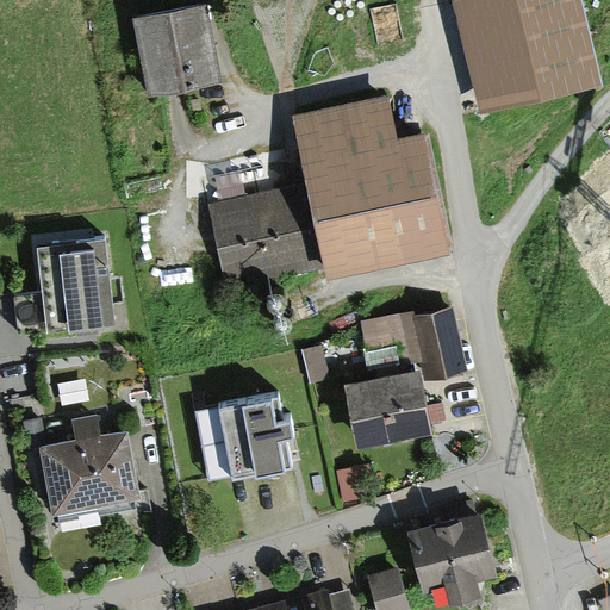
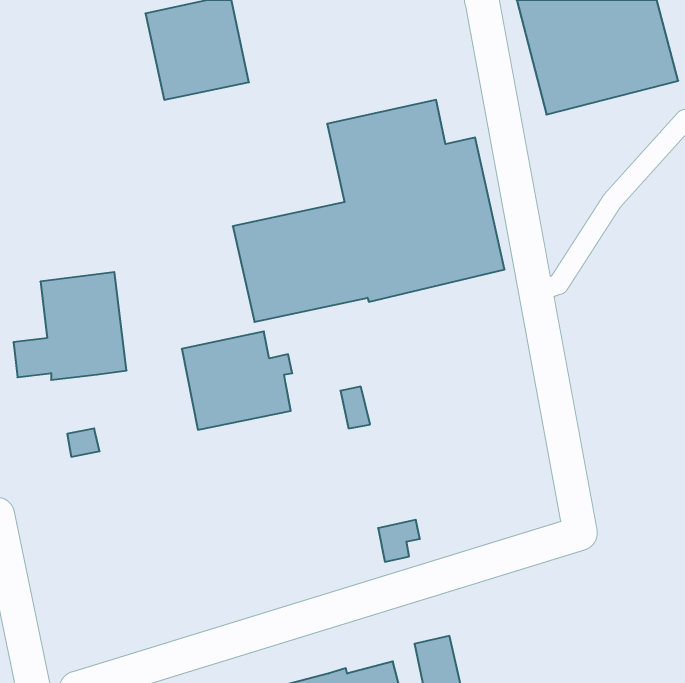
building: [344,305,465,444] -> none
building: [197,396,294,483] -> [182,331,292,430]
building: [20,421,139,517] -> none
building: [405,504,499,599] -> none

